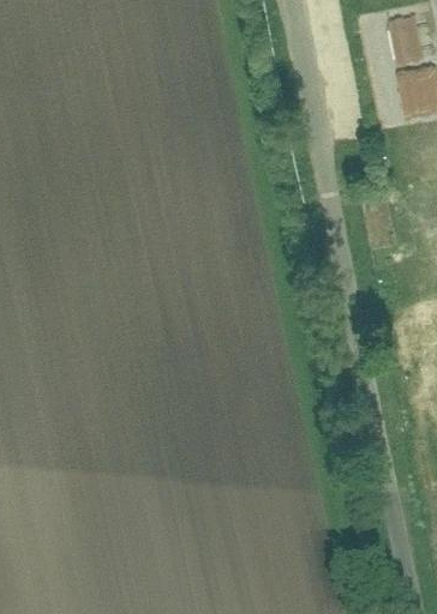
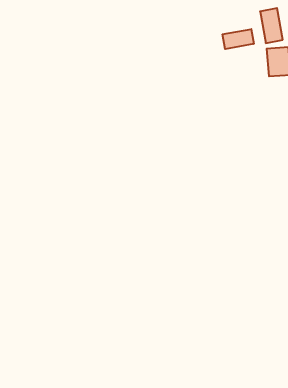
building: none -> [223,29,254,49]

